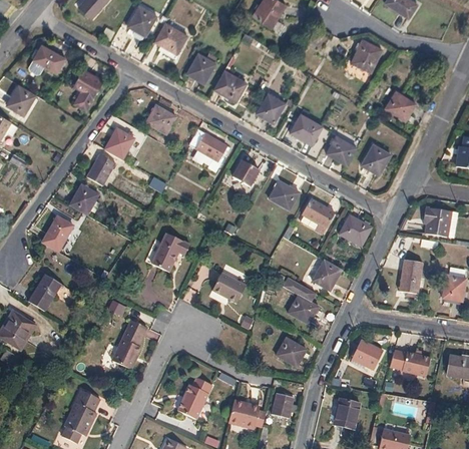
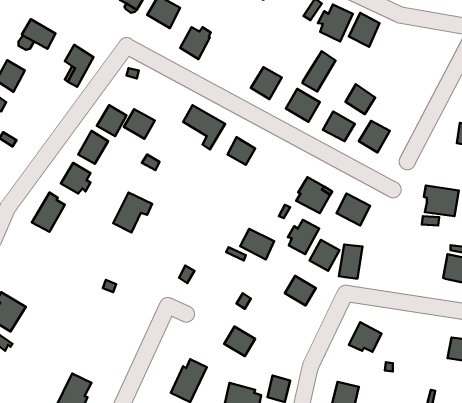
building: none -> [318,4,353,41]
building: [213,69,247,101] -> none
building: none -> [302,51,335,91]
building: [386,90,415,119] -> [345,84,375,114]
building: [146,105,176,134] -> [124,109,155,139]
building: [269,180,300,209] -> none
building: [151,233,189,272] -> [113,192,152,232]
building: none -> [288,220,319,254]
building: [400,260,423,293] -> [339,244,363,278]
building: [29,272,62,311] -> none
building: [212,273,246,303] -> [240,229,274,260]
building: [112,320,147,369] -> none
building: [277,337,307,366] -> [224,326,255,356]
building: [403,352,431,376] -> none

